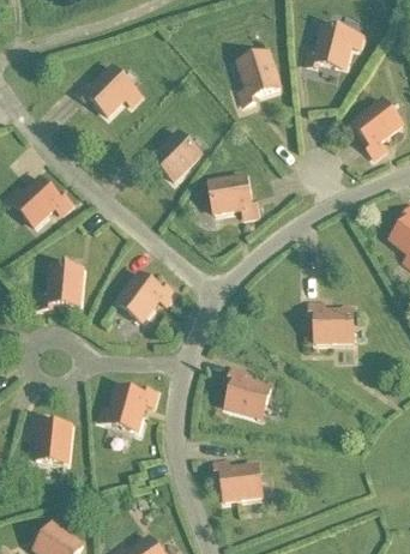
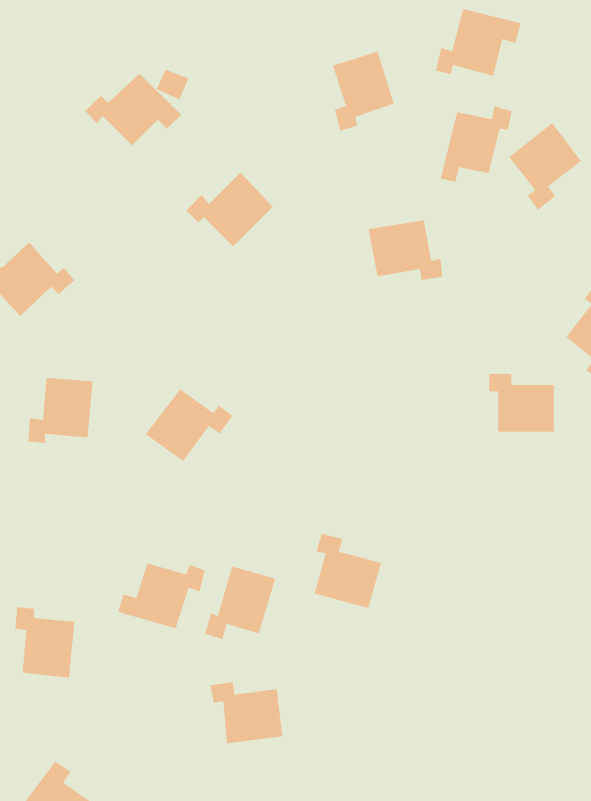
building: none -> [440,105,512,183]
building: [209,175,258,215] -> [368,220,443,280]
building: [309,302,352,341] -> [488,374,555,432]
building: none -> [205,566,276,640]
building: [213,459,261,500] -> [210,681,283,744]

